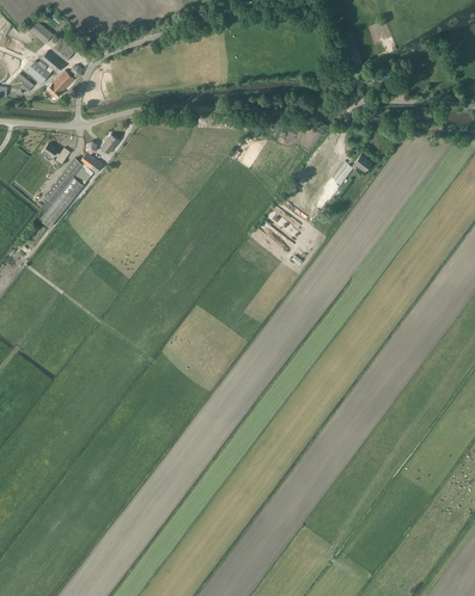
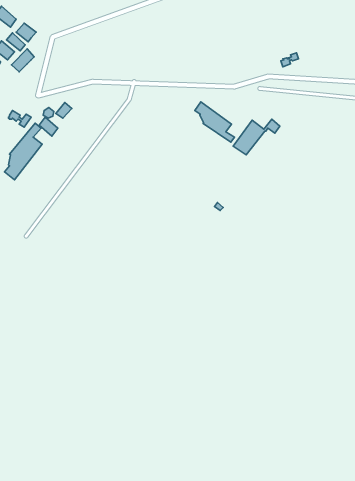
building: none -> [195,102,234,142]

